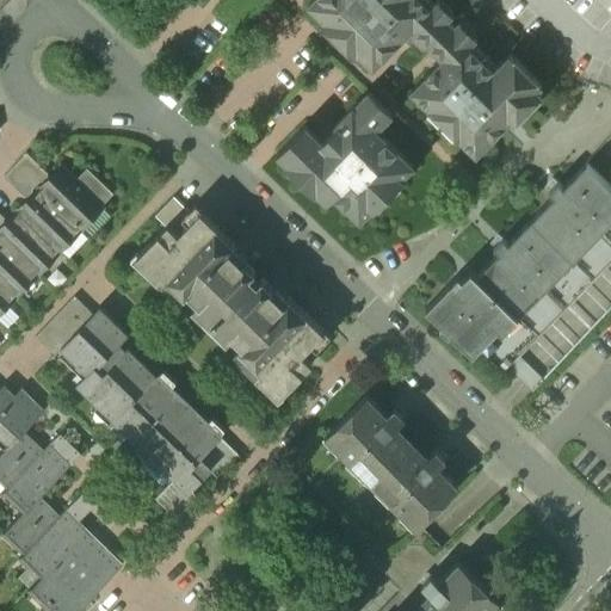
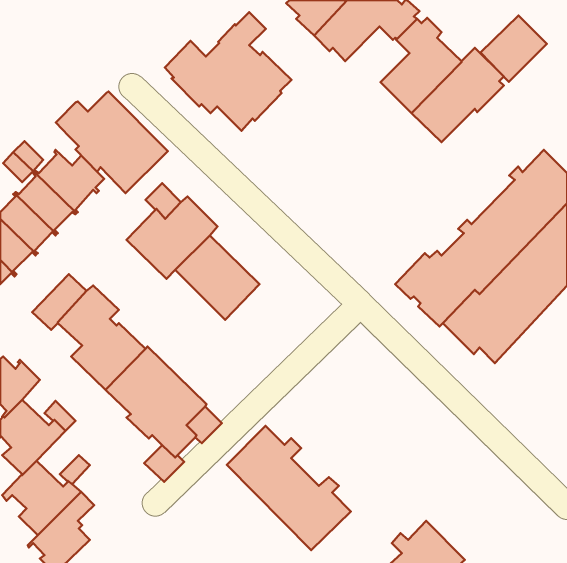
building: none -> [480,16,547,82]
building: [277,97,413,224] -> [165,12,291,131]
building: none -> [56,92,168,193]
building: [234,302,322,401] -> none
building: [325,399,458,532] -> [227,426,351,550]
building: [84,548,122,590] -> none

